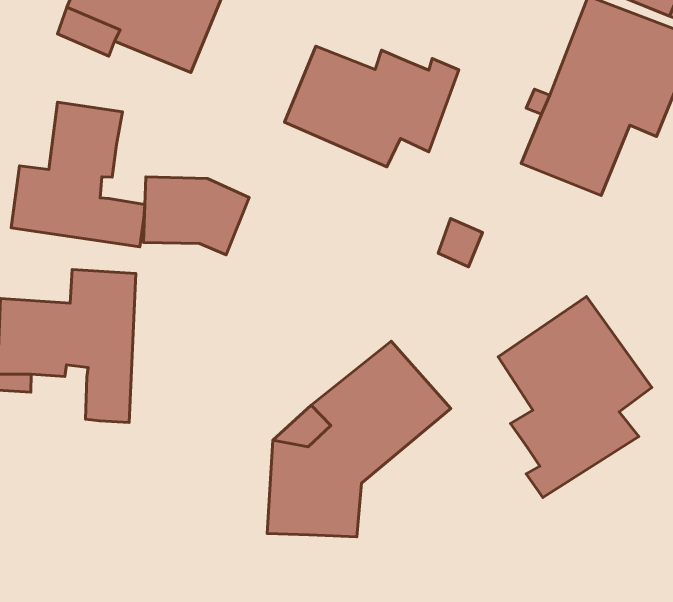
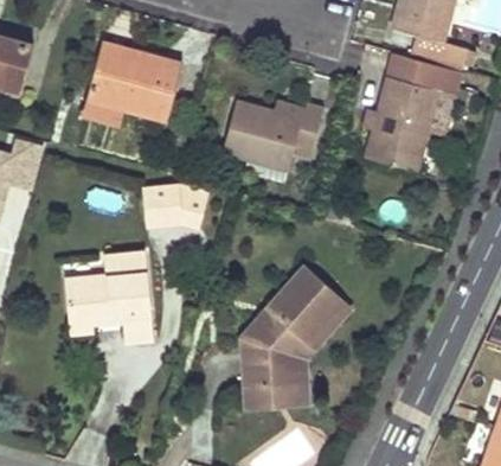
building: [11,102,145,247] -> none
building: [498,297,652,498] -> none
building: none -> [243,307,351,413]

